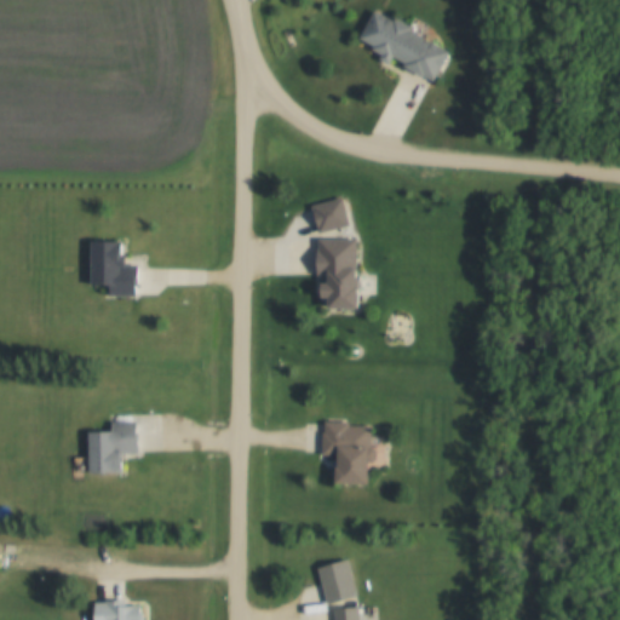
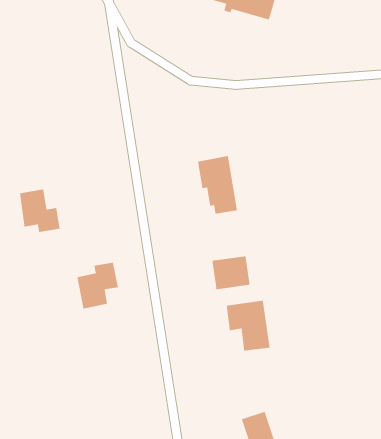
building: [311,199,348,232] -> none
building: none -> [211,255,250,290]
building: [87,421,137,473] -> [77,262,119,309]

